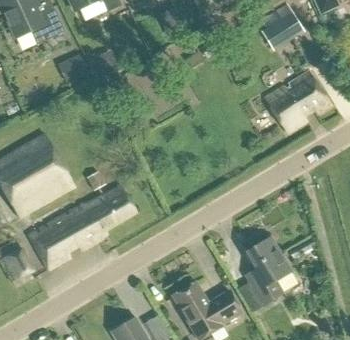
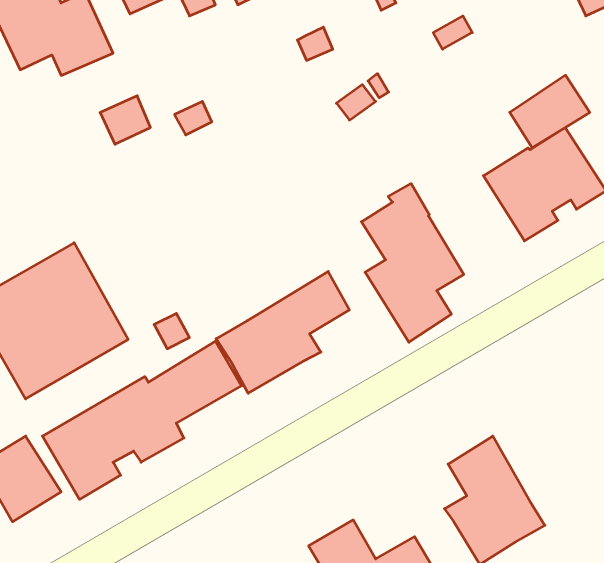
building: [263,10,306,49] -> [510,75,590,148]
building: none -> [361,184,464,342]
building: none -> [216,271,349,393]

